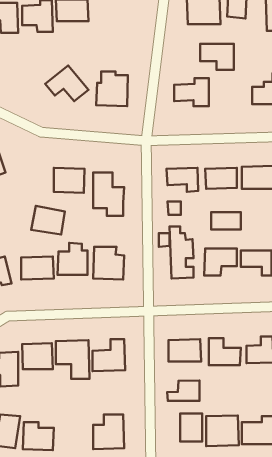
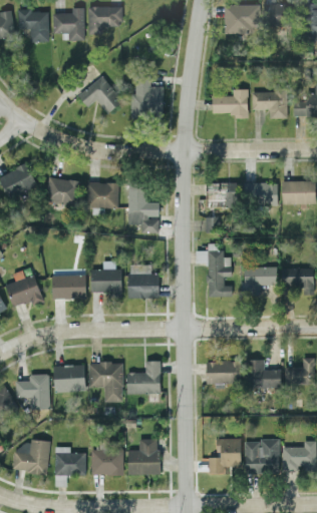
building: [200,44,234,70] -> [252,91,287,118]
building: [31,206,65,235] -> [44,176,79,206]
building: [211,212,241,229] -> none
building: [167,380,200,401] -> none
building: none -> [91,447,123,475]

